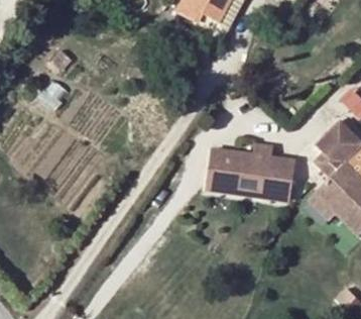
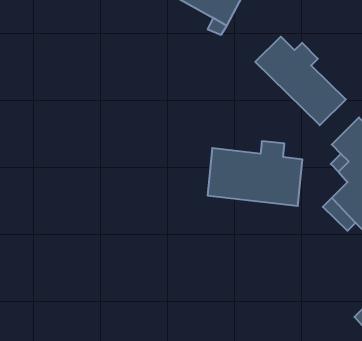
building: none -> [255,37,346,125]

